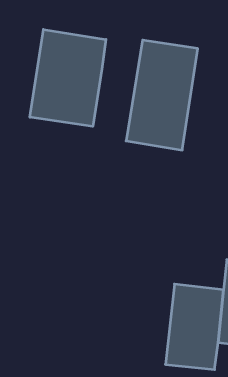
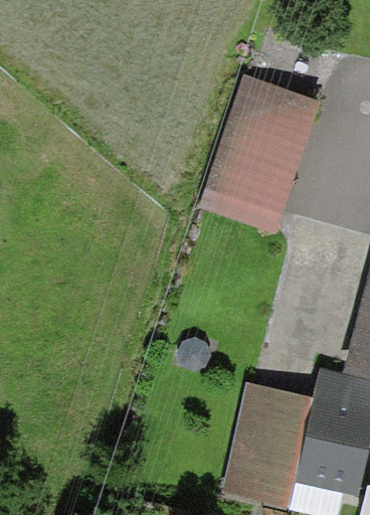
building: [30,29,106,126] -> none

